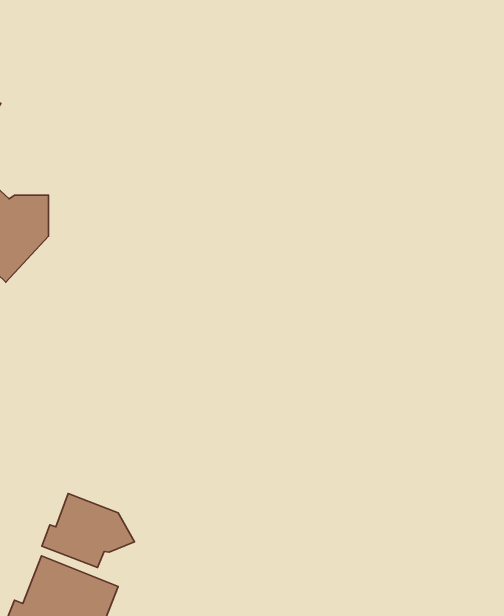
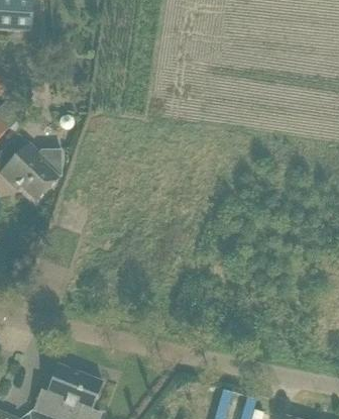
building: [42,494,135,568] -> none

